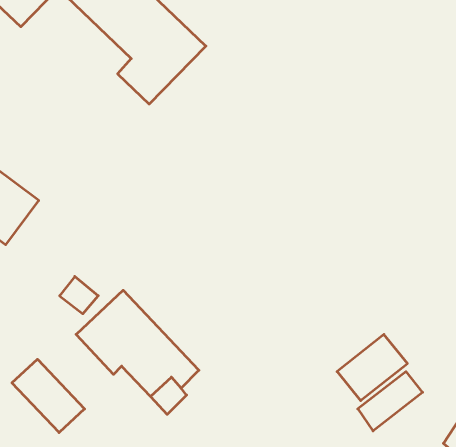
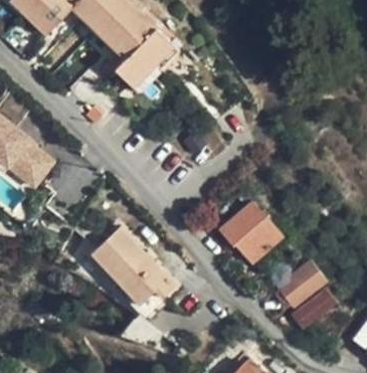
building: none -> [218,200,283,263]
building: [12,359,85,433] -> none

